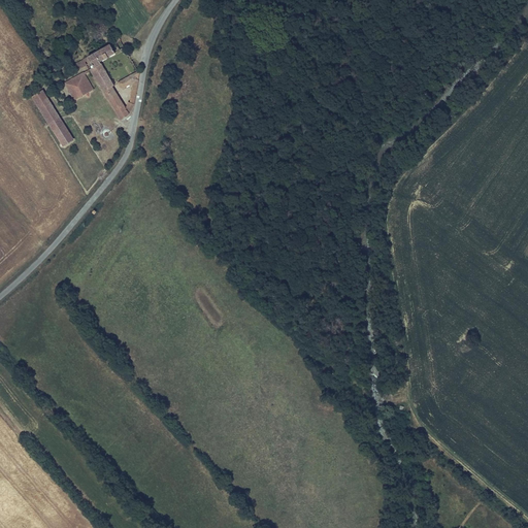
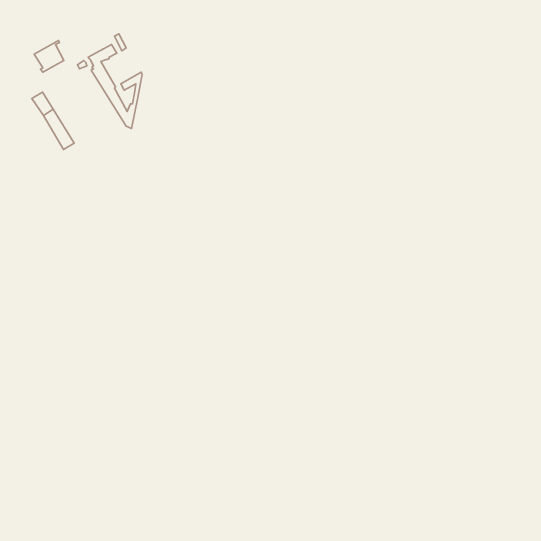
building: [63,69,92,100] -> [34,40,64,72]

